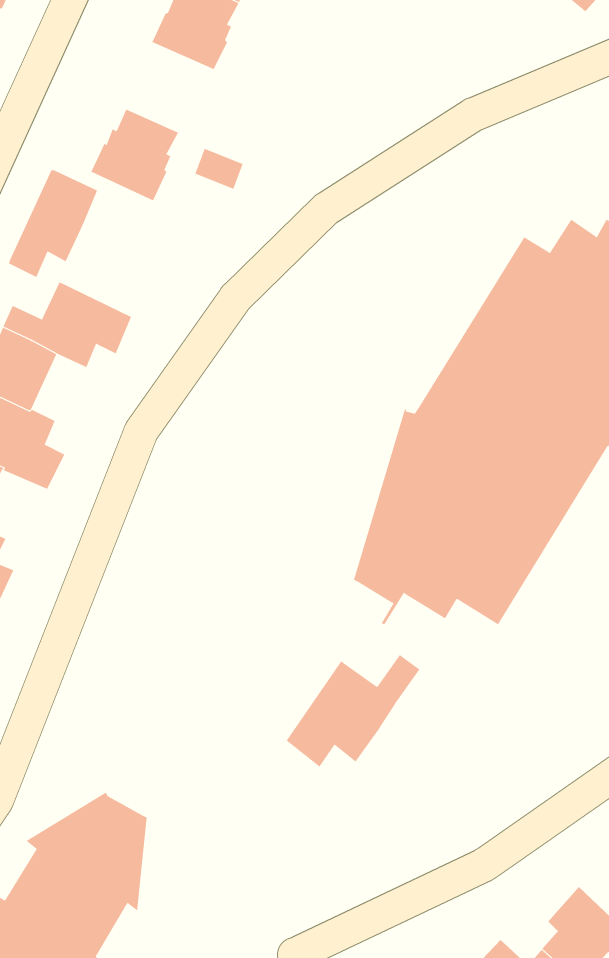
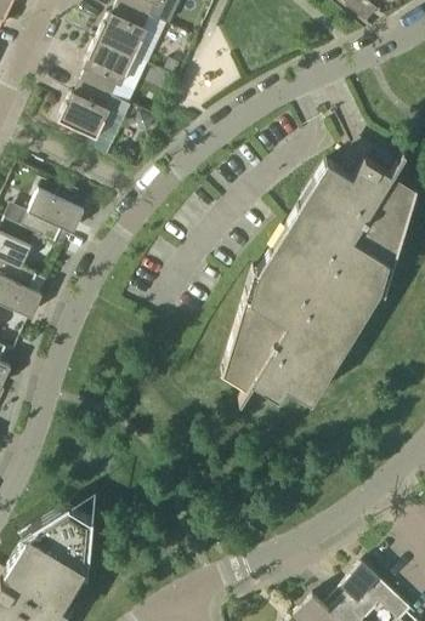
building: none -> [81,41,136,97]
building: [8,169,98,278] -> none
building: [286,654,420,768] -> none

